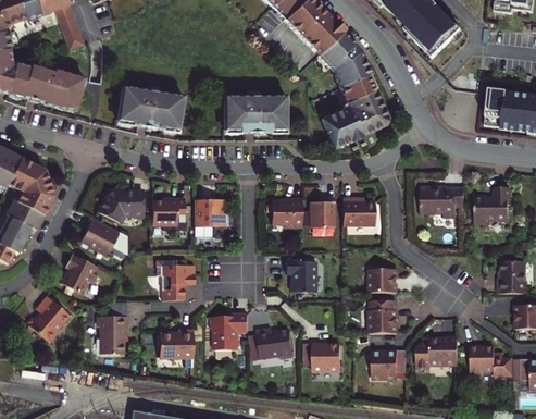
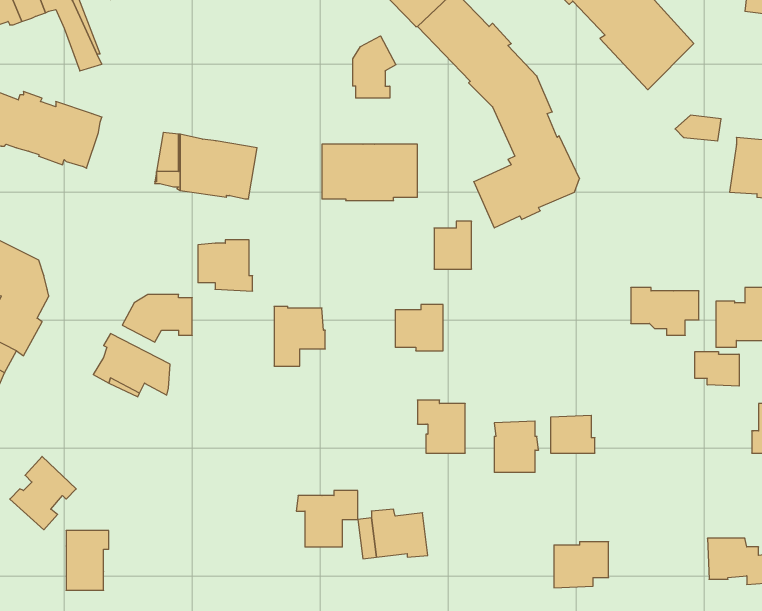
building: none -> [353,36,396,98]
building: [311,197,335,227] -> [434,221,472,269]
building: [344,197,376,225] -> none
building: [151,198,186,231] -> [198,240,253,291]
building: none -> [695,352,739,386]
building: [60,252,97,294] -> none
building: [155,259,195,299] -> none
building: [372,299,400,332] -> [494,421,539,472]
building: [99,315,126,353] -> [66,531,109,590]
building: [159,328,194,379] -> none
building: [417,335,459,370] -> none
building: [313,342,341,370] -> none

